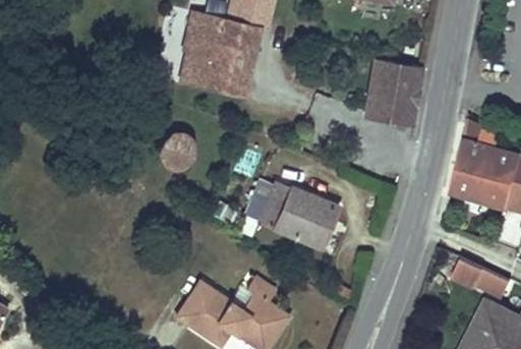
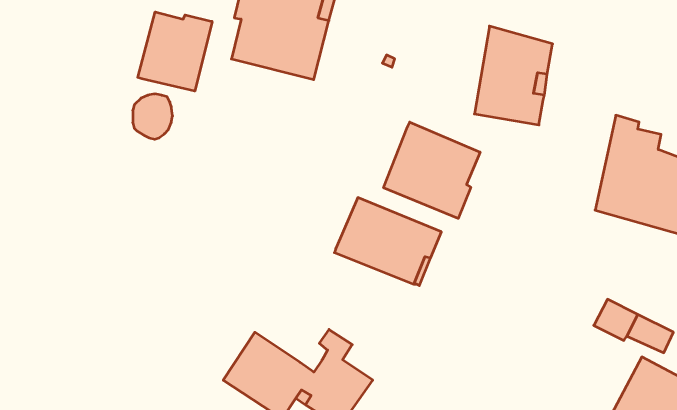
building: none -> [138,12,212,91]
building: none -> [384,122,480,218]
building: [163,133,192,167] -> [133,94,173,139]

